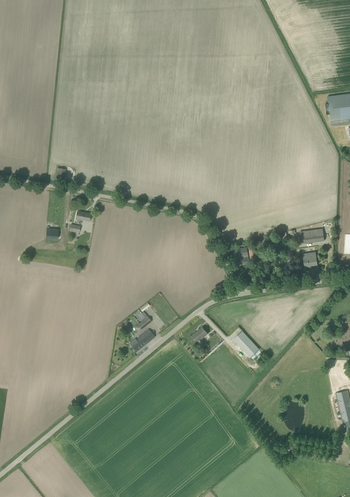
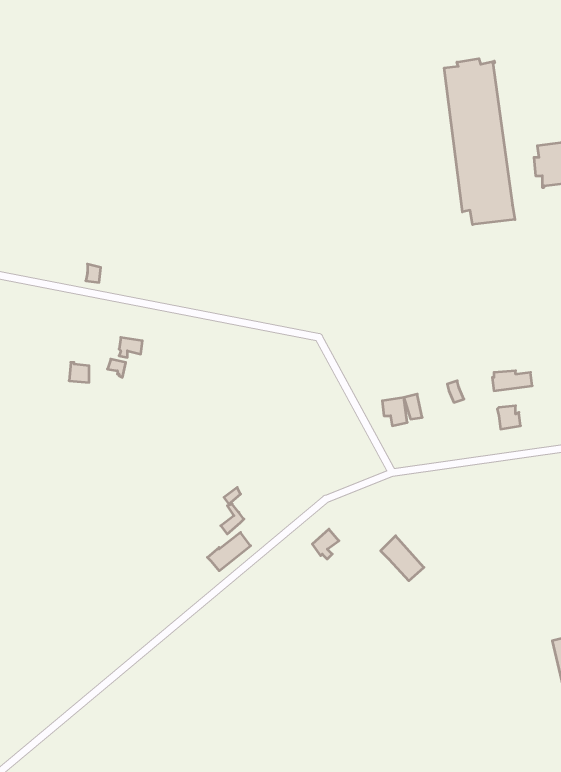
building: none -> [444,59,515,225]

